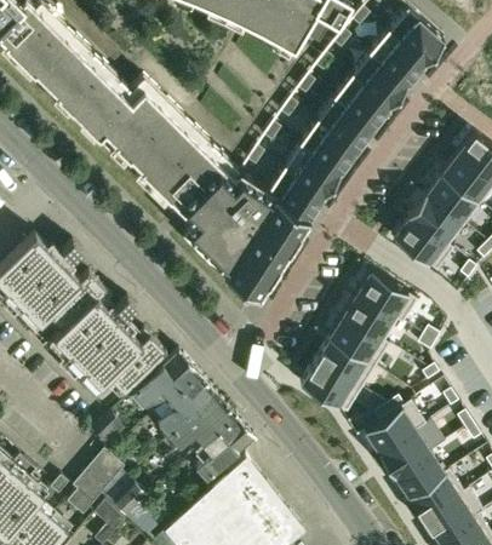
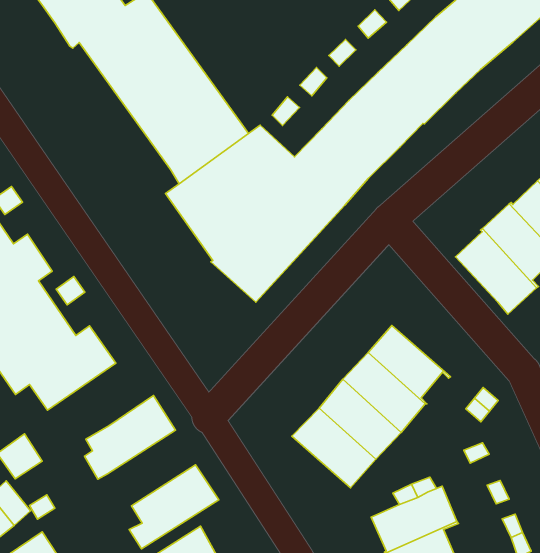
building: [356,274,418,326] -> none
building: [132,354,198,409] -> none
building: [168,396,235,454] -> none

